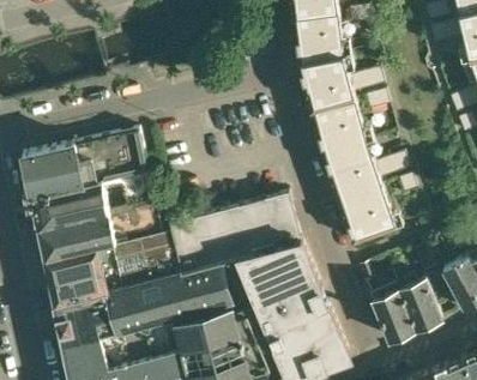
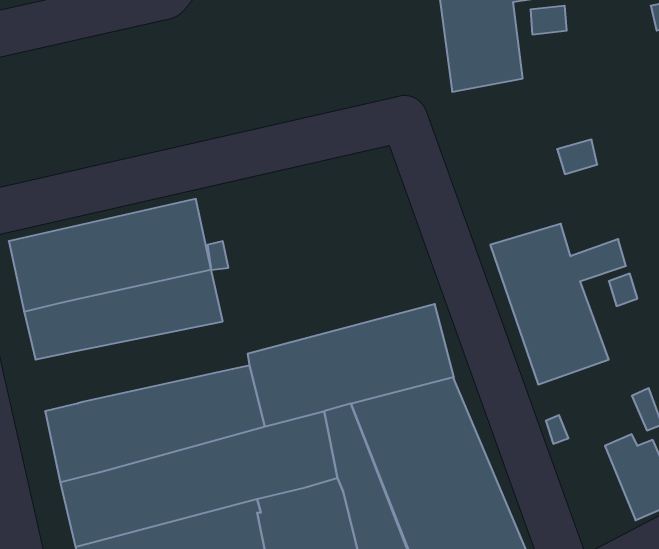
building: [300,56,385,161] -> none
building: [38,209,162,265] -> none
building: [369,286,415,344] -> none

